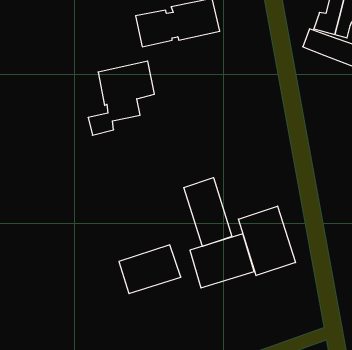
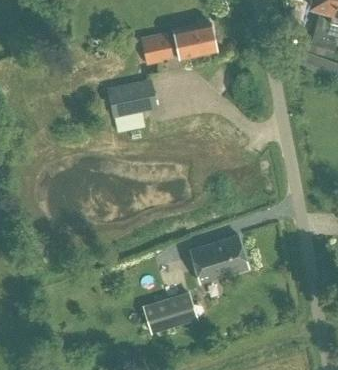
building: [184,178,232,246] -> none
building: [238,206,295,276] -> none
building: [119,245,181,294] -> [143,290,199,334]

